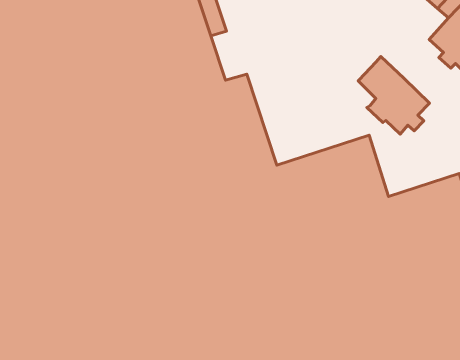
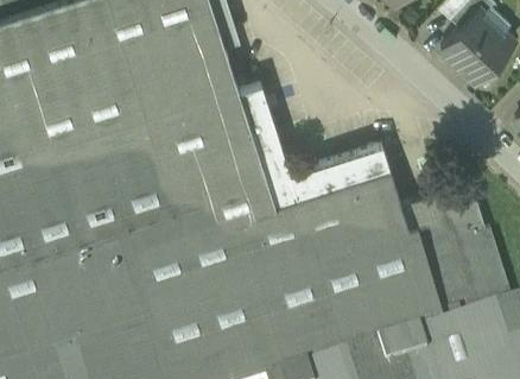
building: [358,56,430,134] -> none

